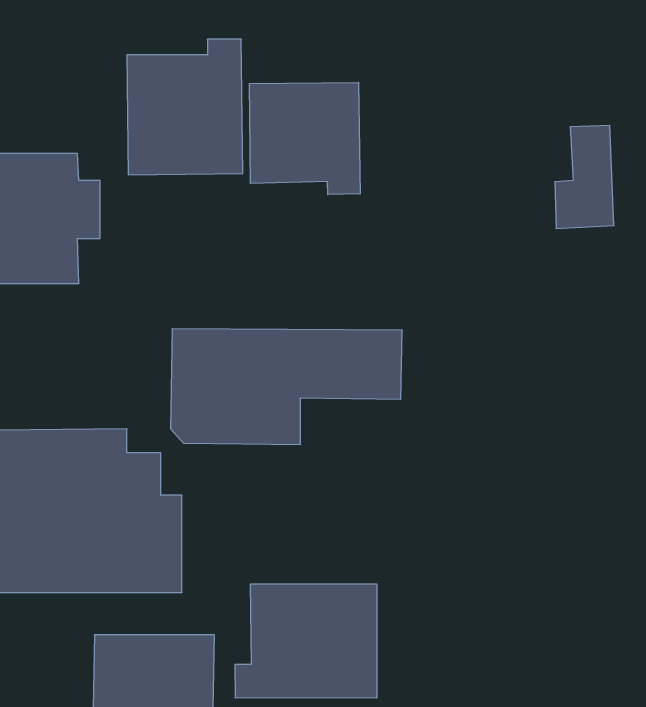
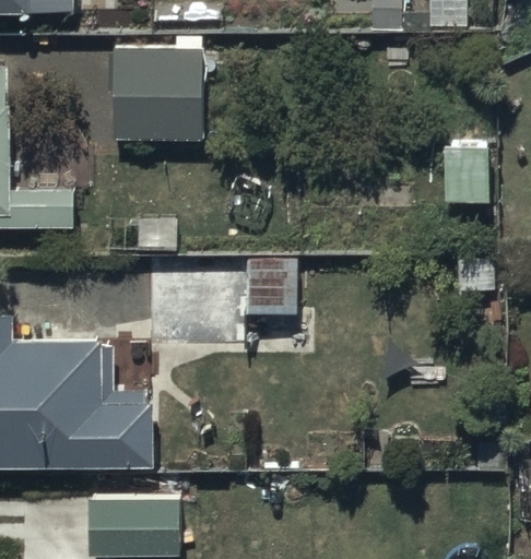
building: [249,82,360,195] -> none
building: [235,584,377,698] -> none

